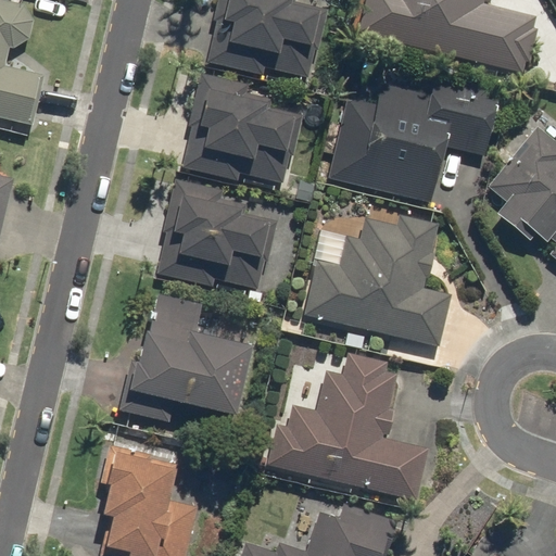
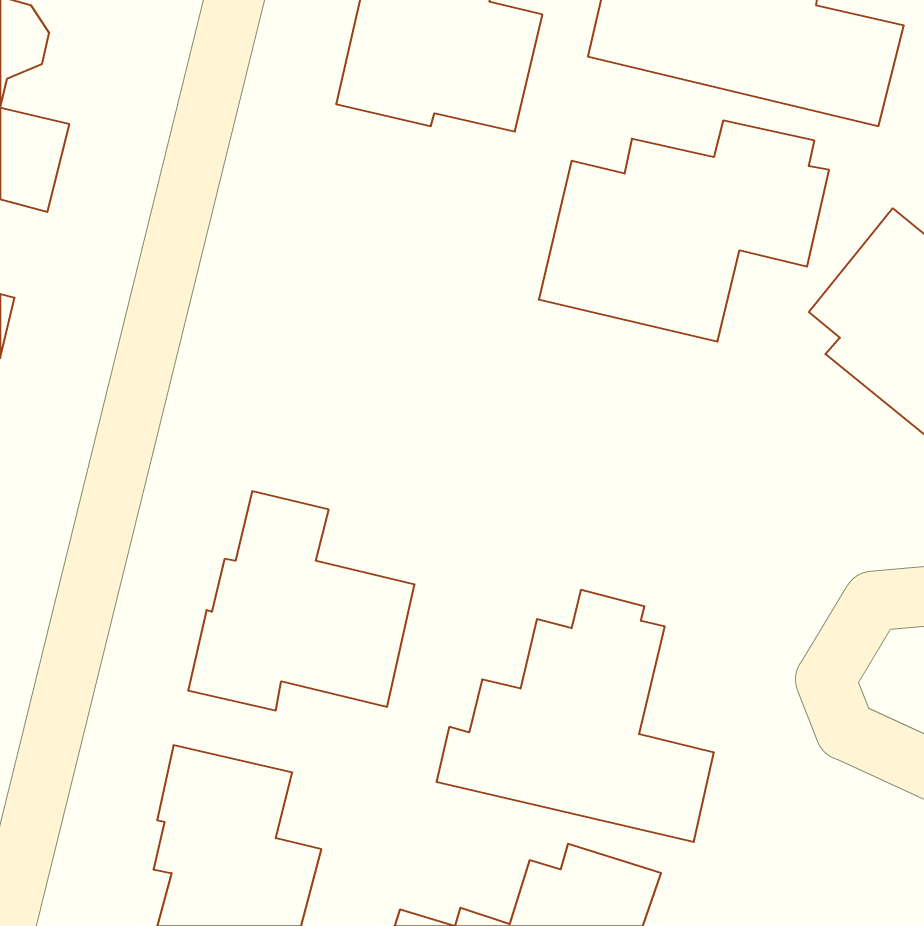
building: [182,72,302,184] -> none
building: [156,178,277,290] -> none
building: [302,213,453,346] -> none

